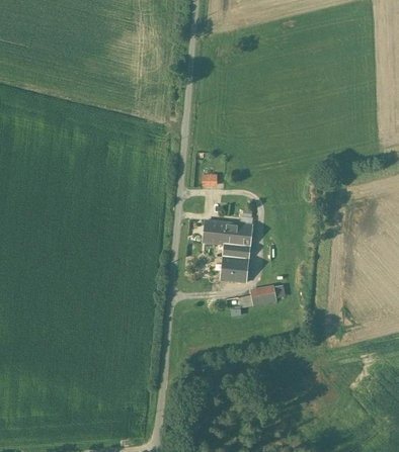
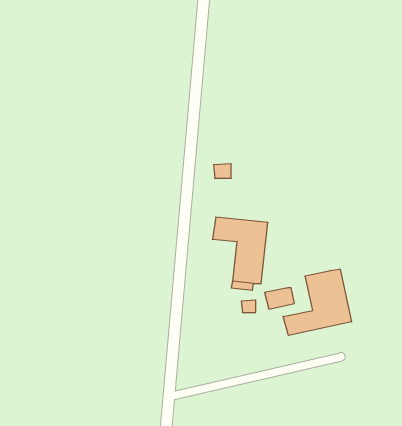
building: none -> [283,269,352,335]

